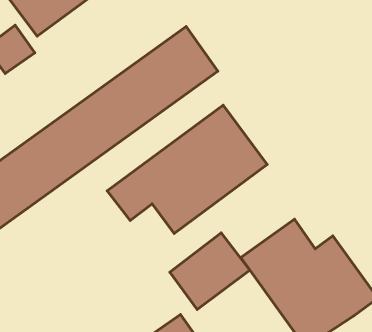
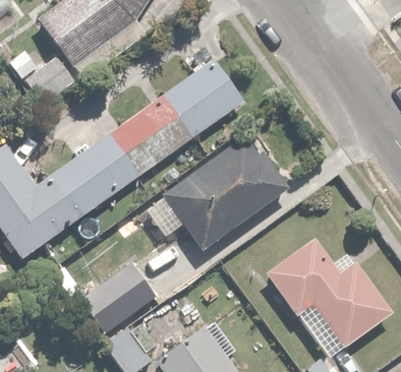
building: [170,233,250,309] -> [82,263,157,334]

